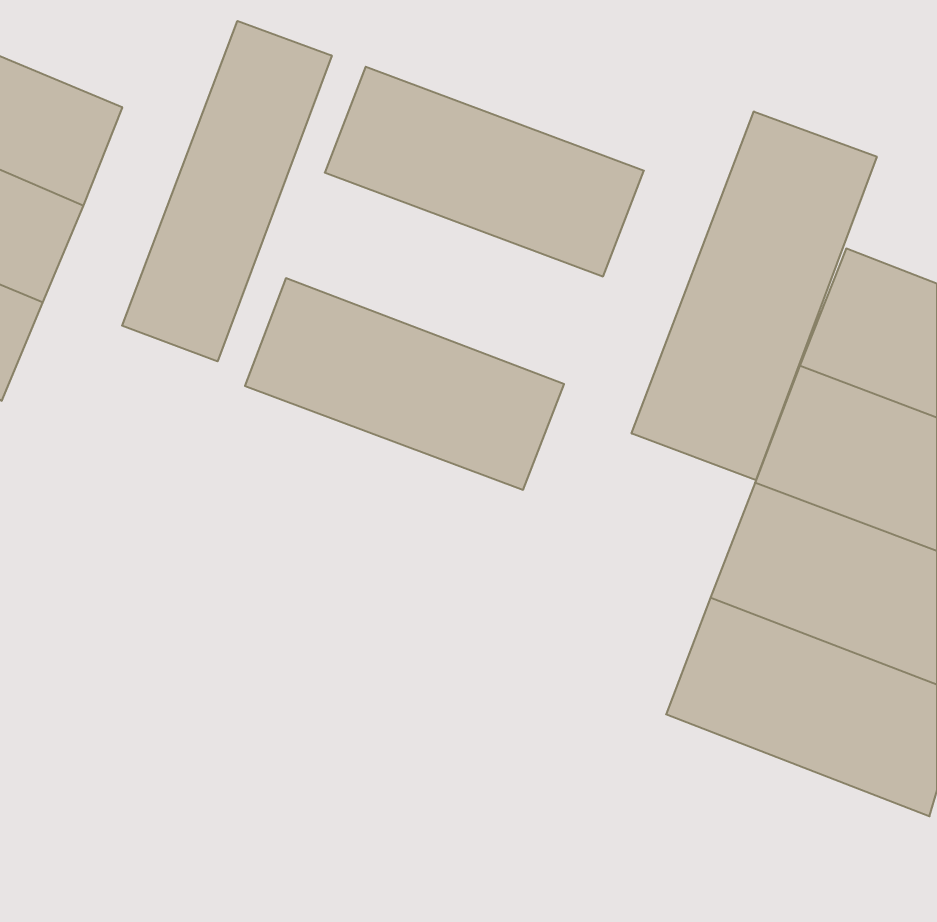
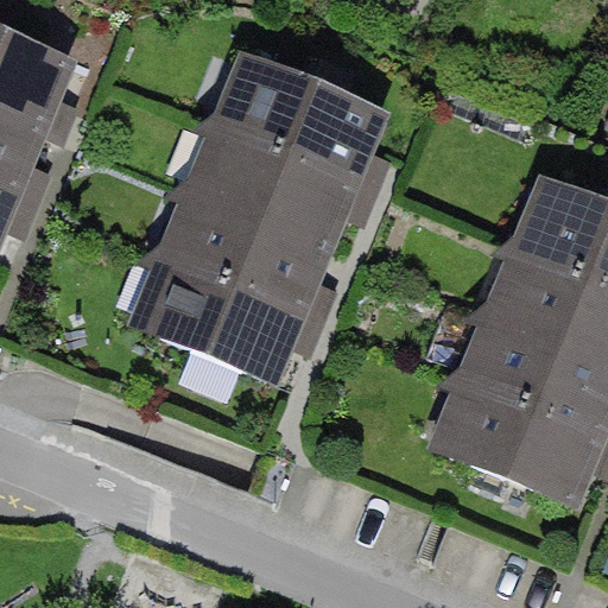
building: [122,21,332,361] -> none
building: [632,111,877,480] -> none
building: none -> [183,110,386,246]
building: none -> [131,247,335,382]

